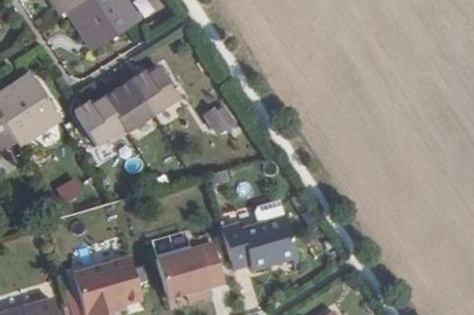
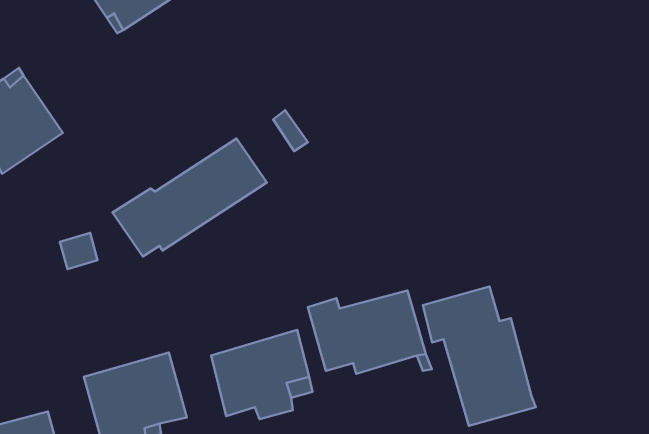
building: [79,67,181,145] -> [113,138,267,257]
building: none -> [423,286,536,426]

